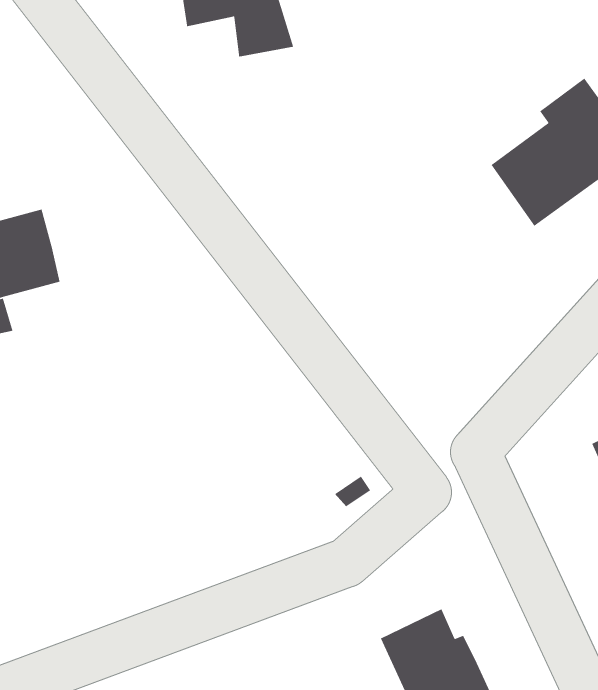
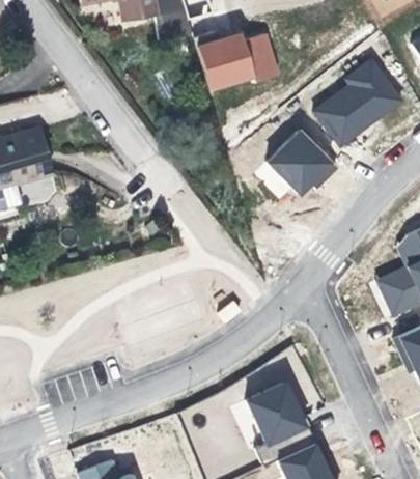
building: none -> [198,29,282,88]
building: none -> [269,126,340,194]

